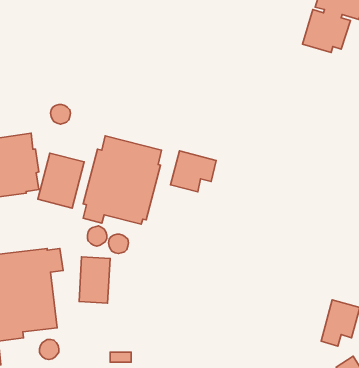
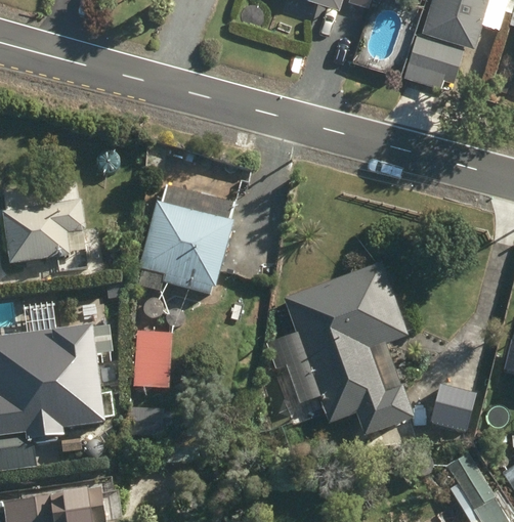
building: [171,151,216,192] -> none
building: [38,153,84,208] -> none
building: none -> [282,264,412,437]

